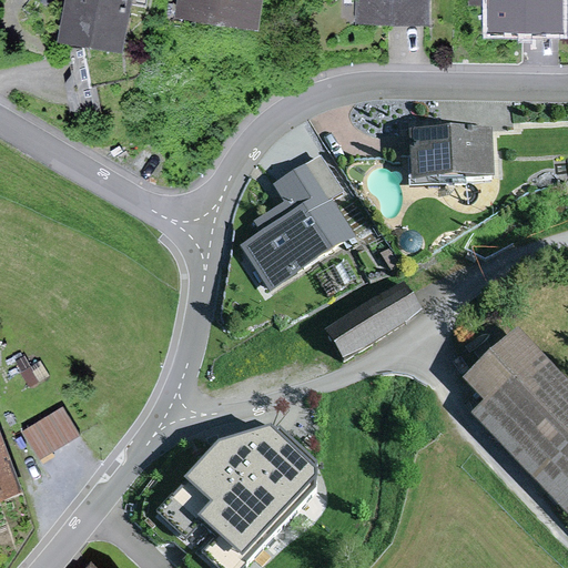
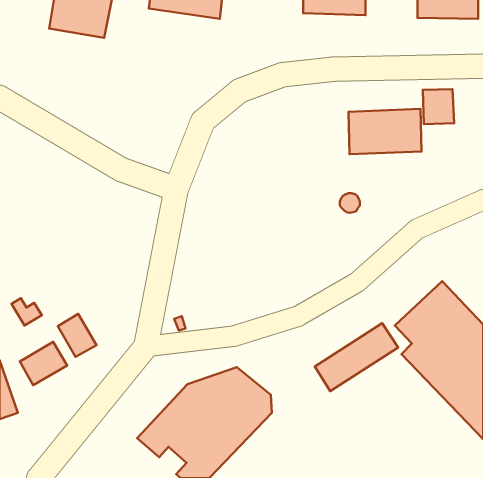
building: none -> [423,89,454,124]
building: [237,161,357,293] -> none
building: [325,278,423,358] -> [315,323,398,391]
building: none -> [58,314,97,357]

